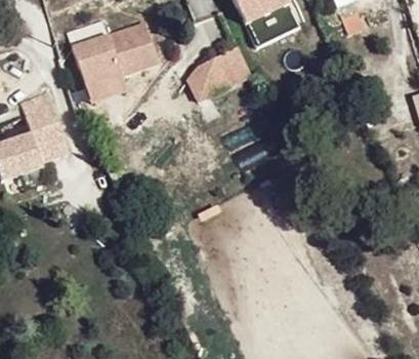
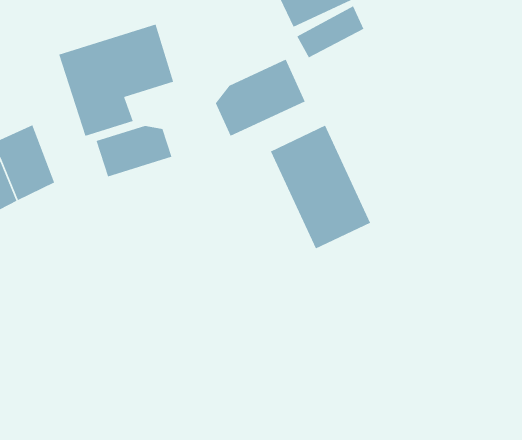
building: none -> [270,125,371,250]
building: none -> [95,125,172,178]

